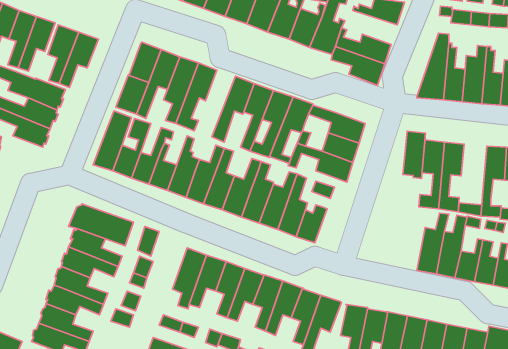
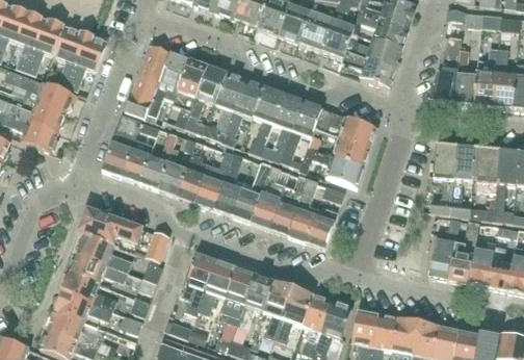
building: none -> [357,11,409,47]
building: none -> [204,73,245,140]
building: [403,131,426,179] -> [476,148,499,196]

